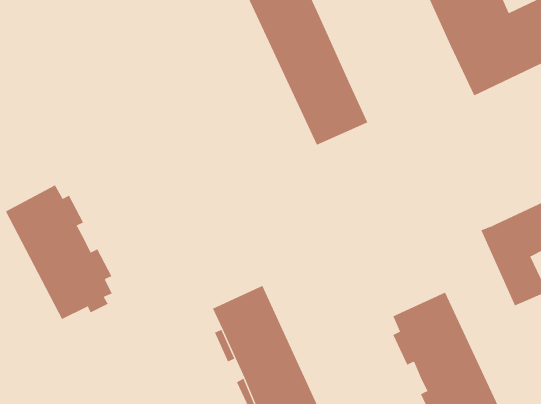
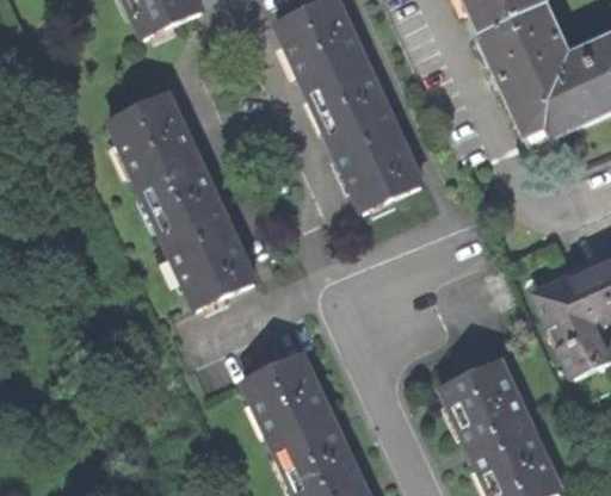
building: none -> [101,93,254,308]
building: [5,185,113,320] -> none

